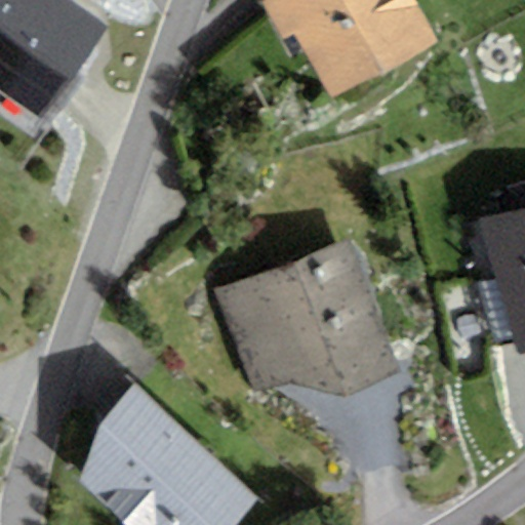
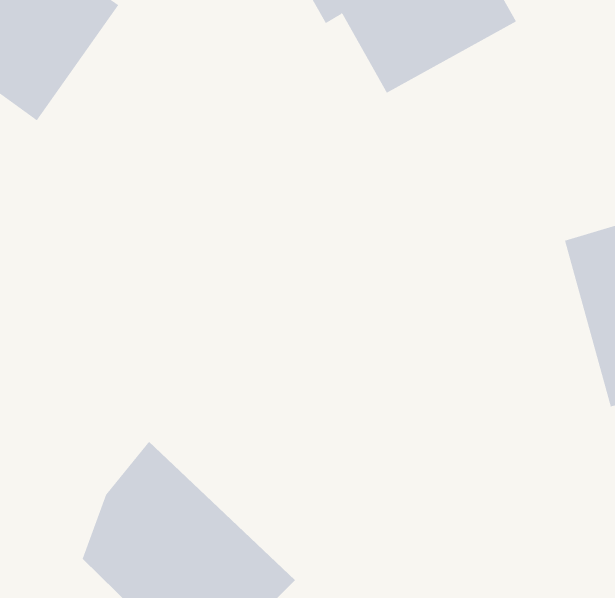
building: [214,237,399,398] -> none

